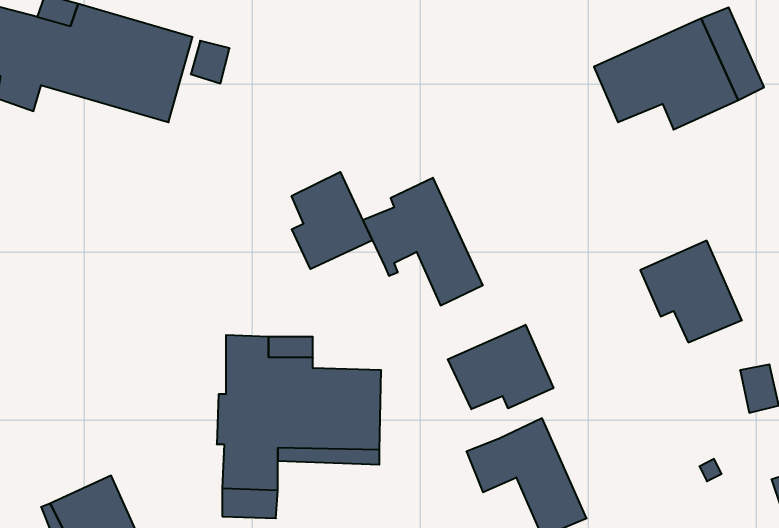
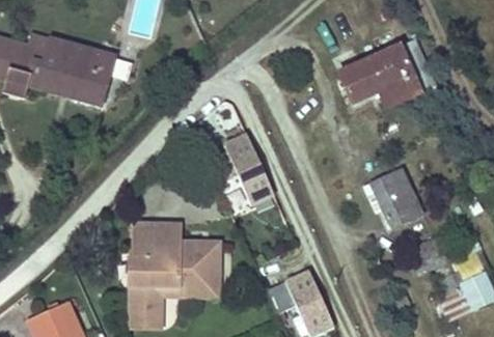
building: [292,172,372,269] -> none
building: [448,325,553,409] -> none

